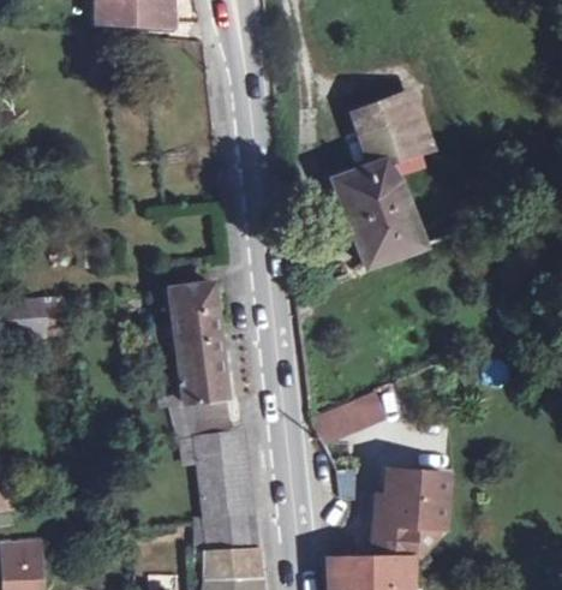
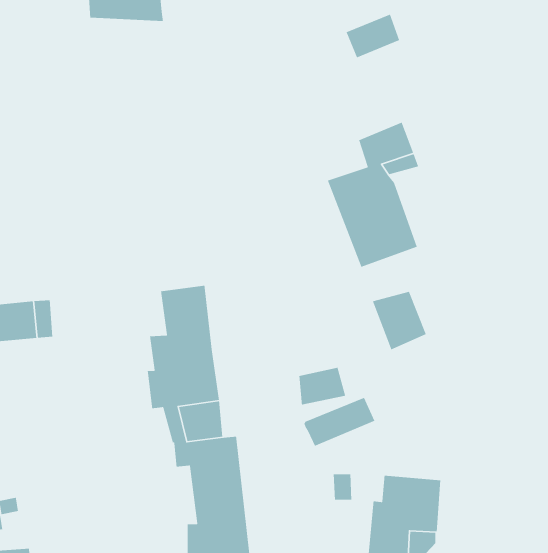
building: [353,95,407,139] -> [346,14,400,59]
building: none -> [372,291,427,351]
building: none -> [299,367,346,405]

